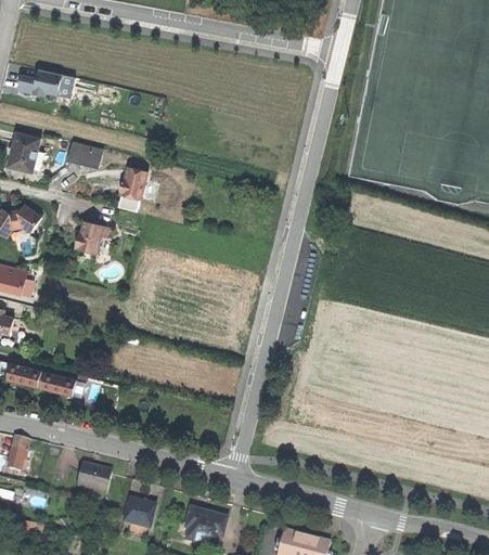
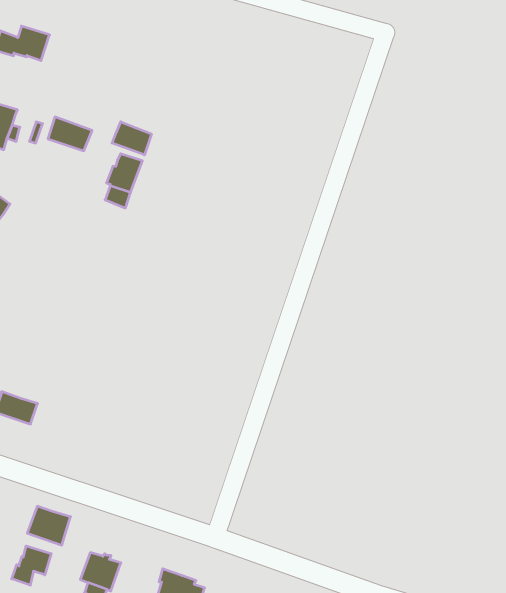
building: none -> [112,122,151,155]
building: [75,220,108,254] -> none
building: none -> [12,546,51,585]

